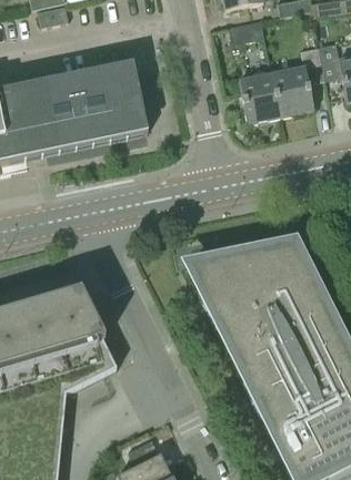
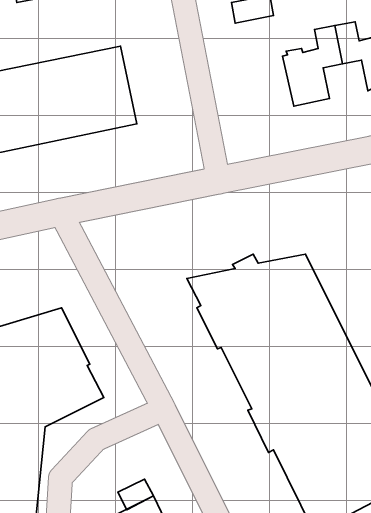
building: [238,69,282,119] -> none

